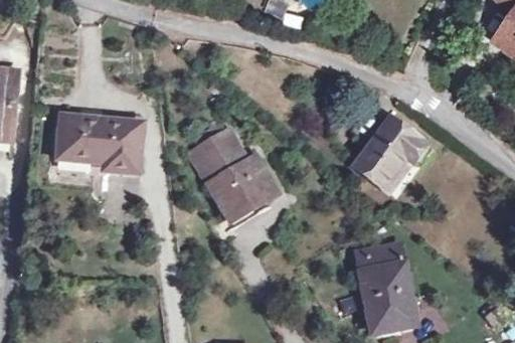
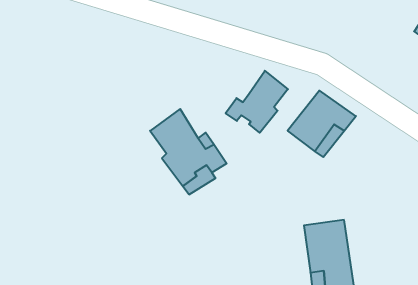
building: none -> [226,71,288,133]
building: [57,119,139,185] -> none

